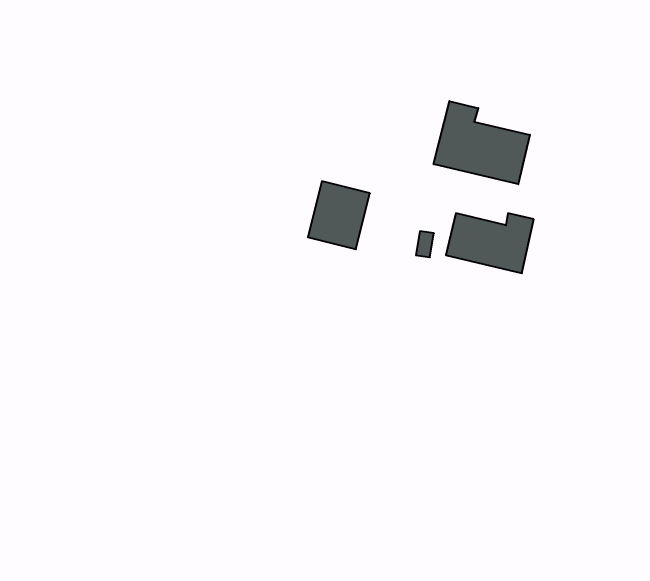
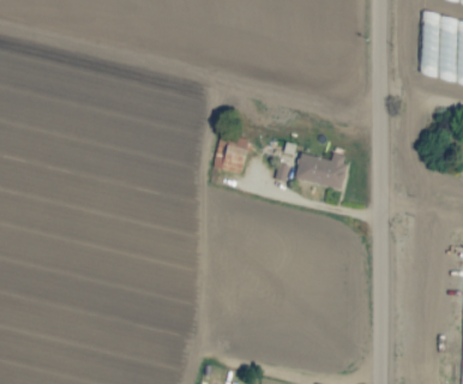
building: [434,101,530,184] -> none

